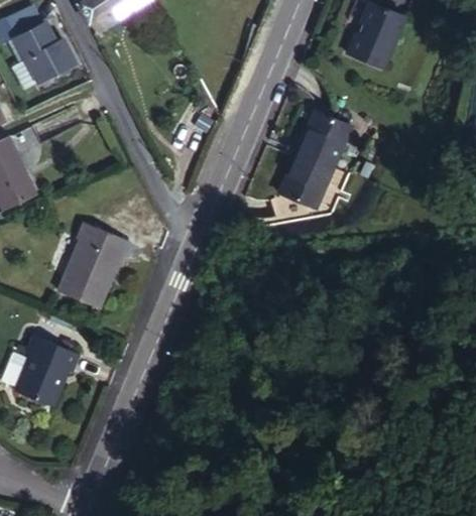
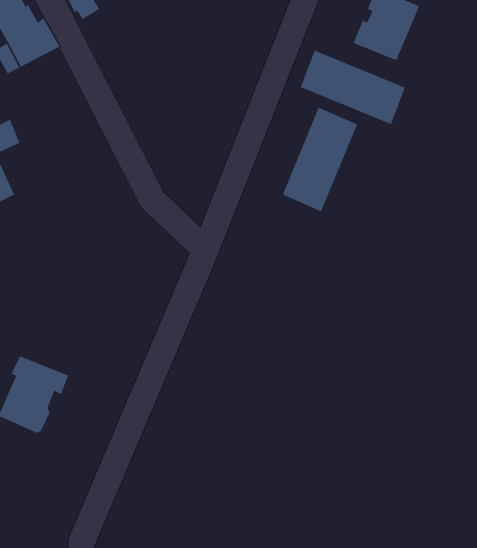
building: none -> [300,50,406,125]
building: [65,225,137,310] -> none

